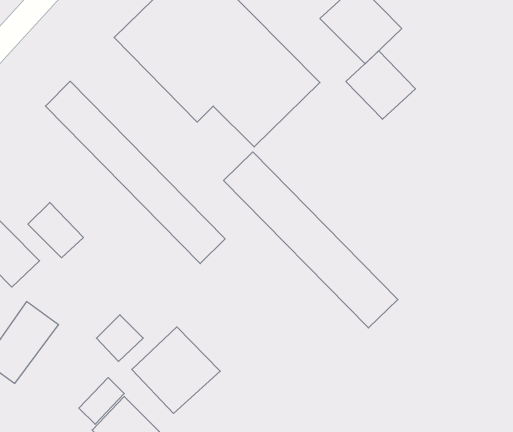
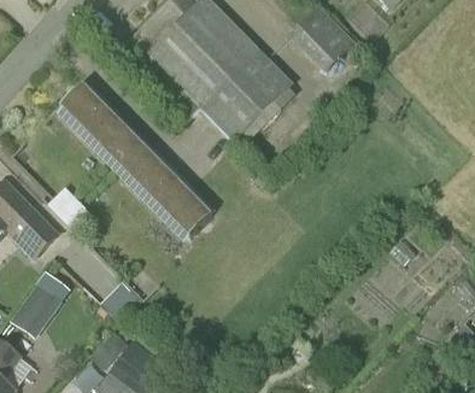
building: [346,51,415,119] -> none
building: [224,152,398,328] -> none
building: [132,327,220,413] -> none

